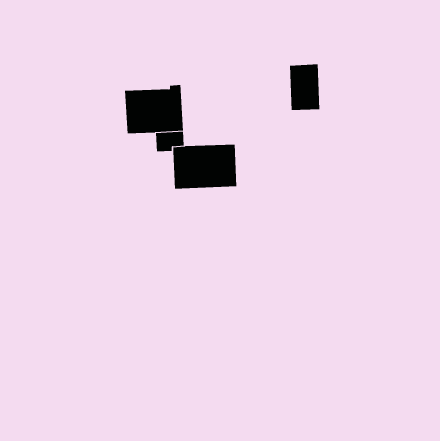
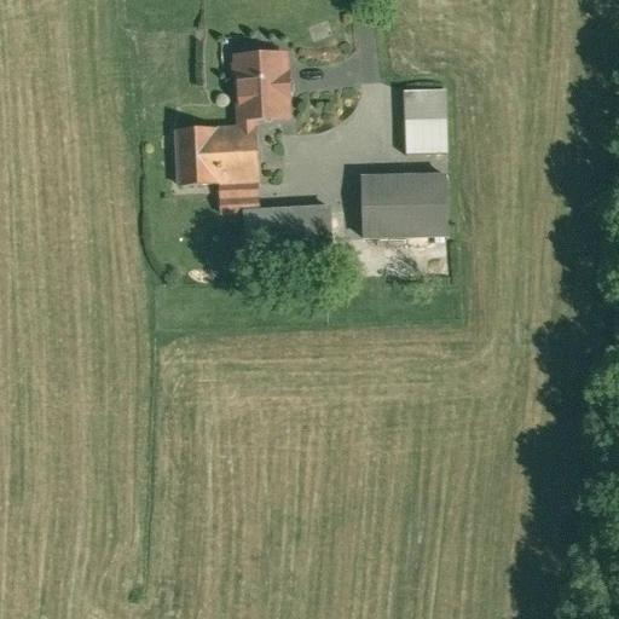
building: none -> [233,51,290,120]
building: none -> [361,168,449,237]

